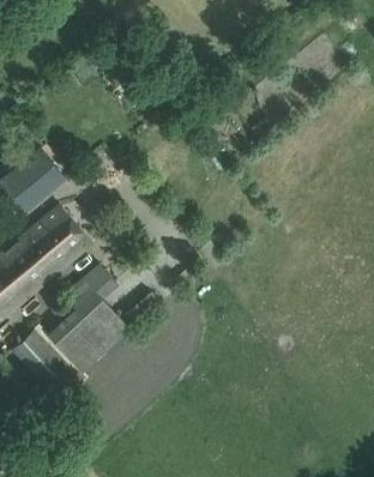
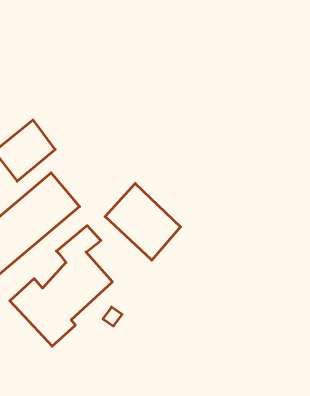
building: none -> [105,183,181,260]

